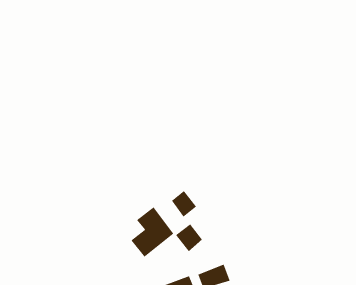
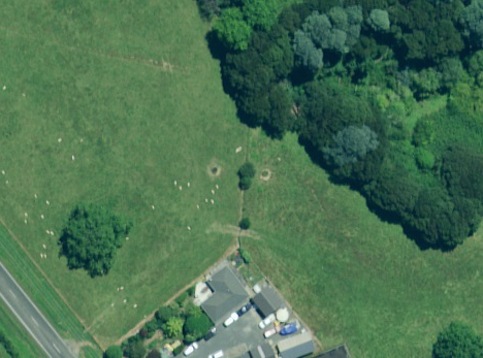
building: [171,190,197,217] -> none

